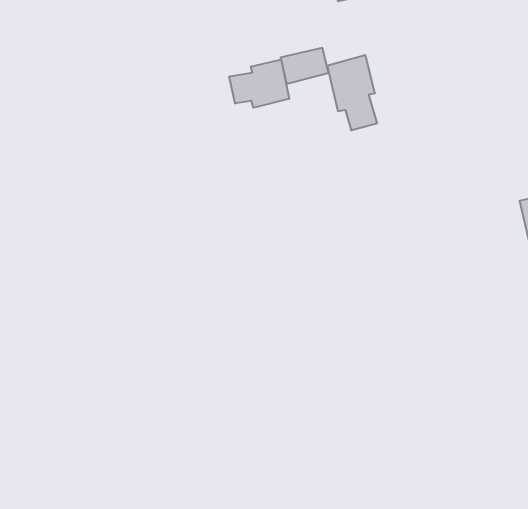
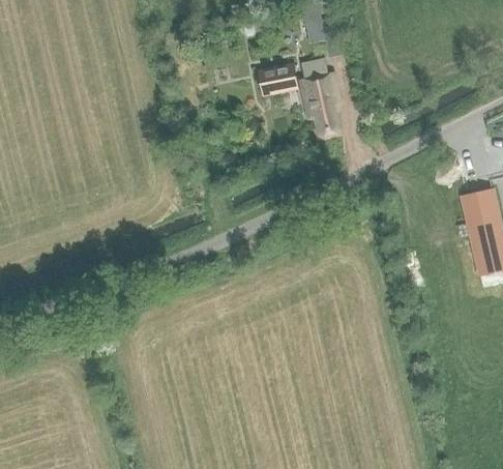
building: [229,60,289,108] -> none

